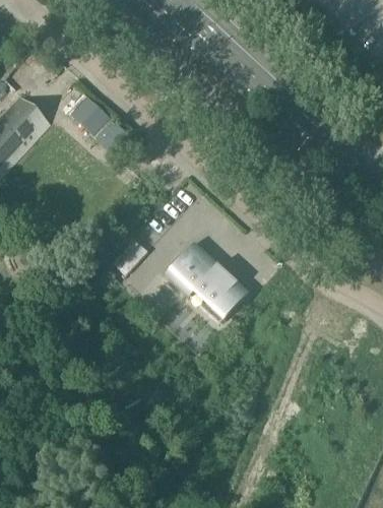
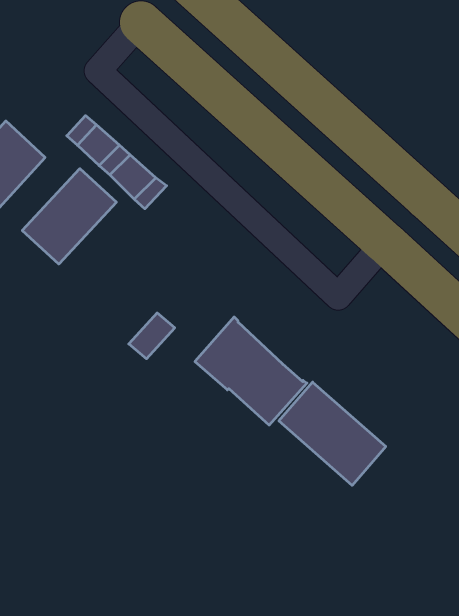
building: none -> [22,169,116,264]
building: none -> [279,382,386,485]

